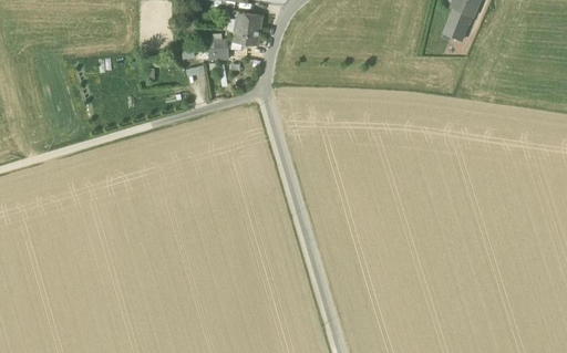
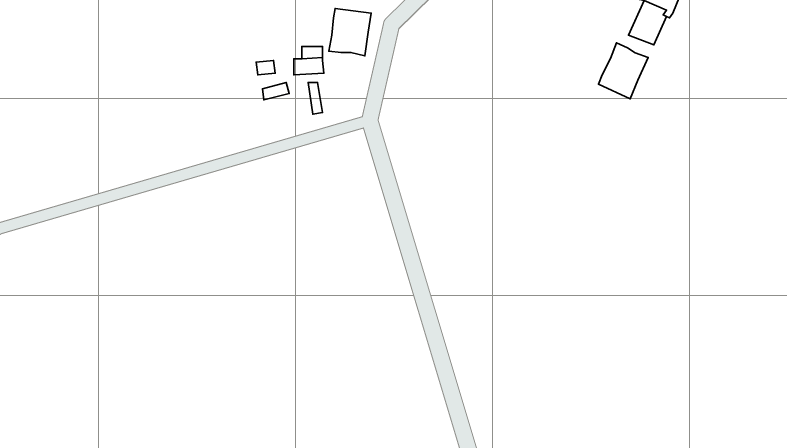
building: none -> [598,43,648,99]

